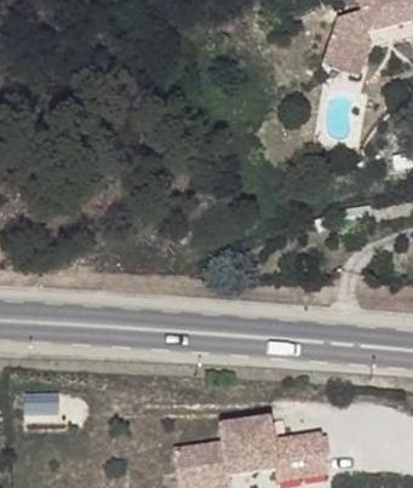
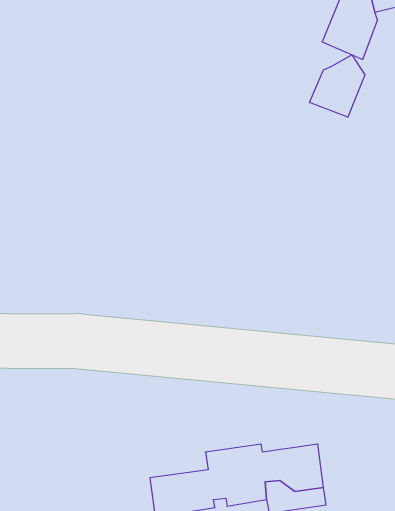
building: none -> [309,55,365,117]

